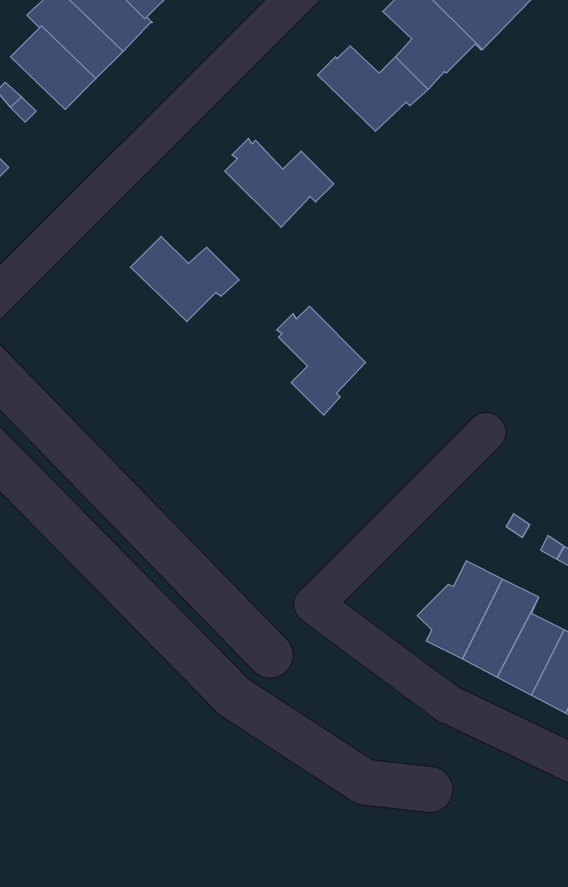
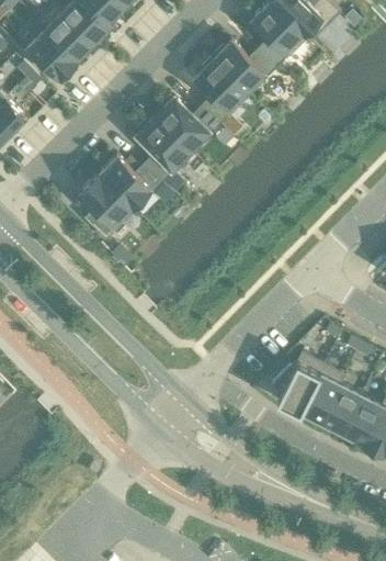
building: none -> [192,60,245,126]
building: none -> [78,177,130,243]
building: [277,306,366,415] -> [134,119,188,184]

